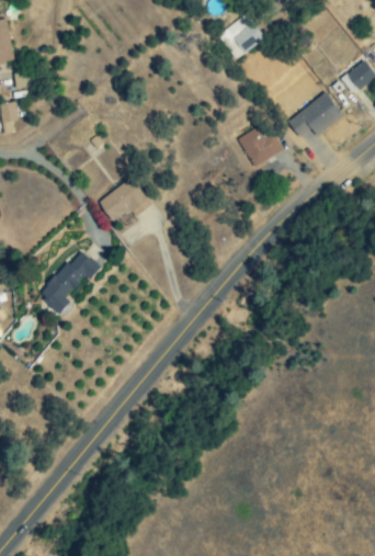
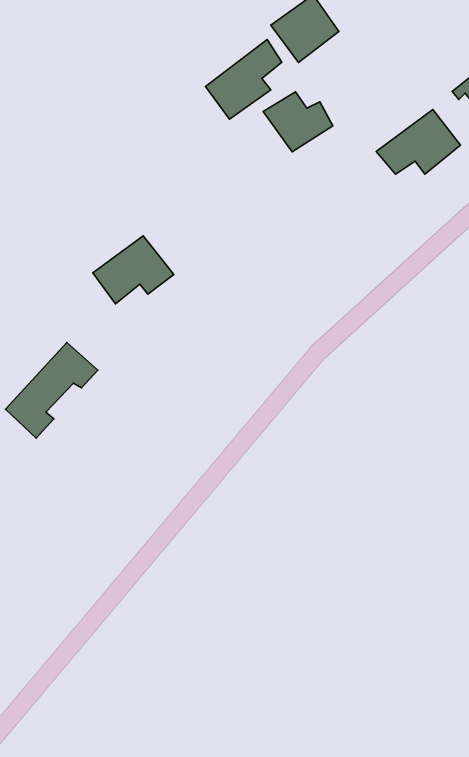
building: none -> [206,40,282,119]
building: [238,125,285,166] -> [263,92,333,152]

